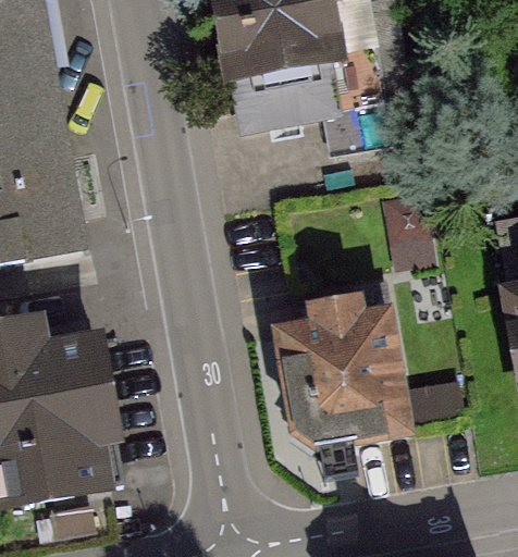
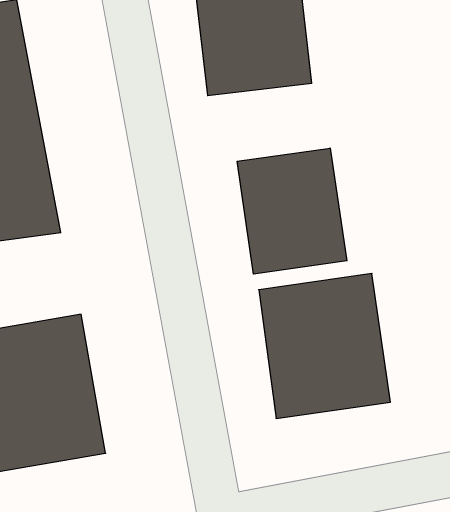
building: none -> [237,148,347,274]

